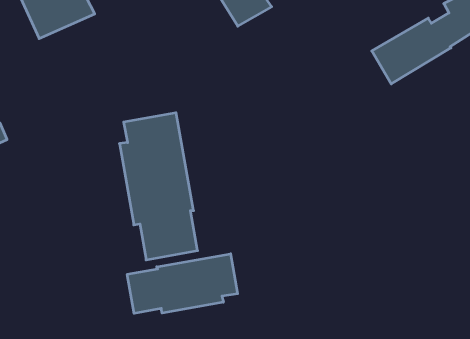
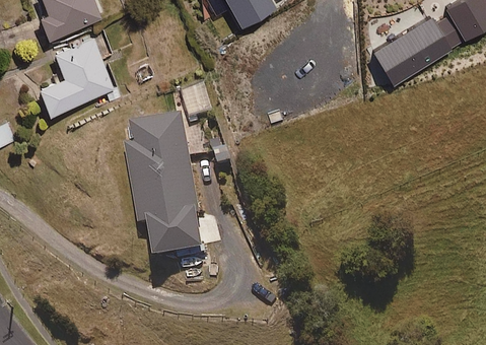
building: none -> [38,36,113,115]
building: [127,254,238,313] -> none

